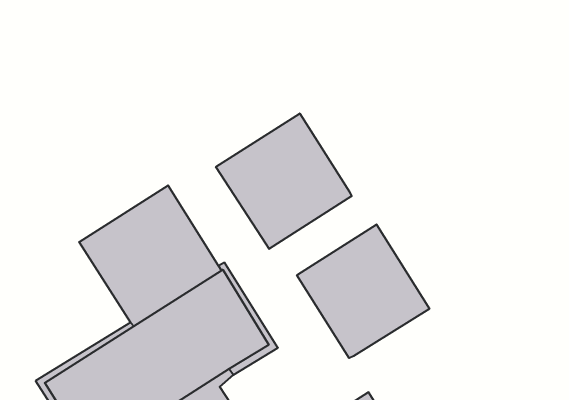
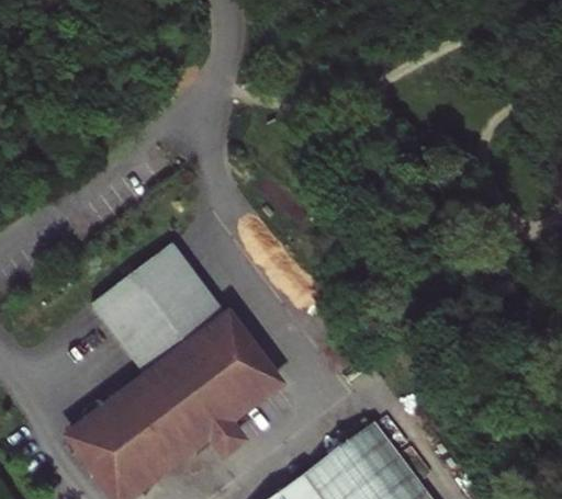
building: [216,113,352,249] -> none
building: [297,224,429,358] -> none

